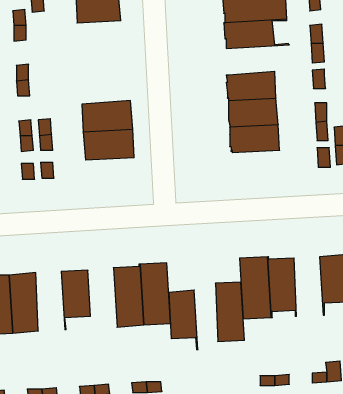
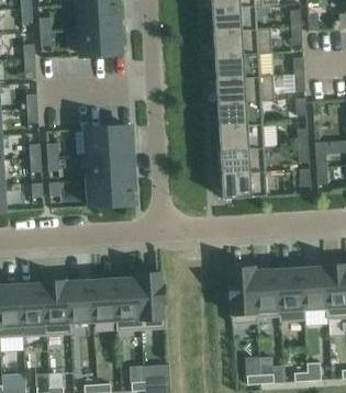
building: none -> [216,75,275,102]
building: none -> [221,170,266,198]
building: none -> [89,177,134,205]
building: none -> [44,280,70,334]
building: [215,282,244,341] -> [278,267,304,321]
building: [169,290,198,350] -> [91,277,118,330]

